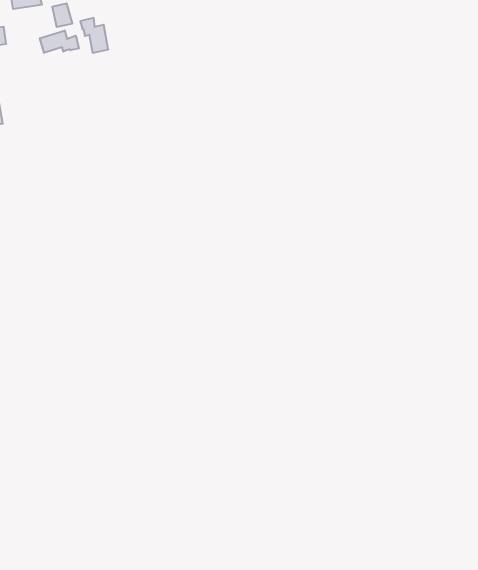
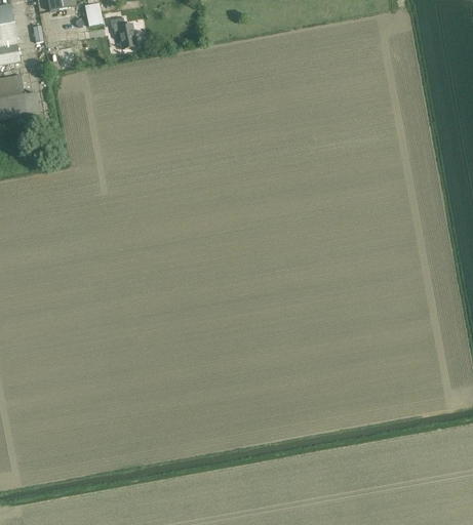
building: [40,30,79,53] -> none

